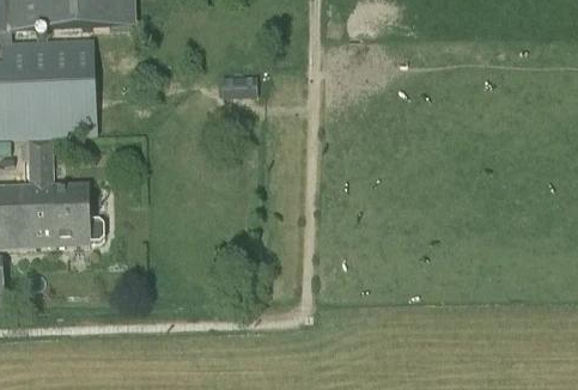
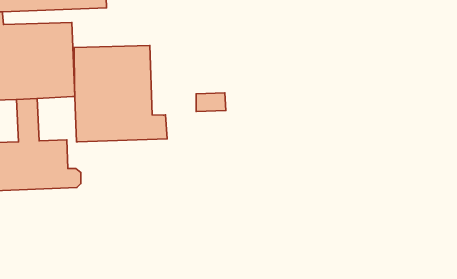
building: none -> [74,46,167,142]
building: [221,74,257,97] -> [196,93,226,112]

